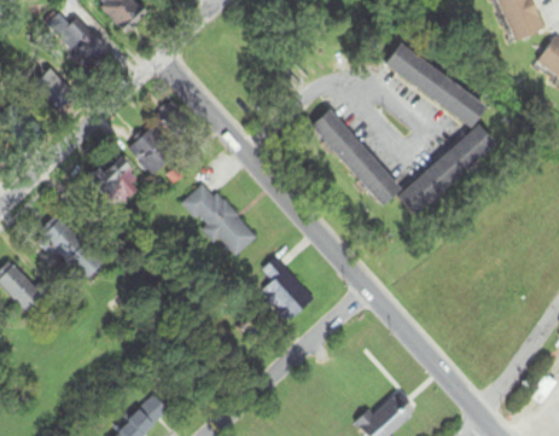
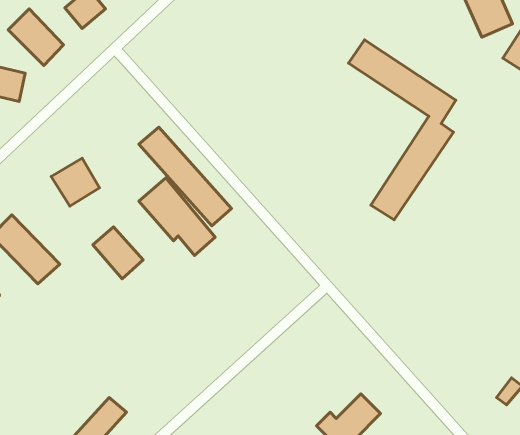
building: [311,110,402,207] -> [139,127,231,226]
building: [127,128,174,175] -> none
building: none -> [93,227,143,279]
building: [260,256,313,322] -> none

